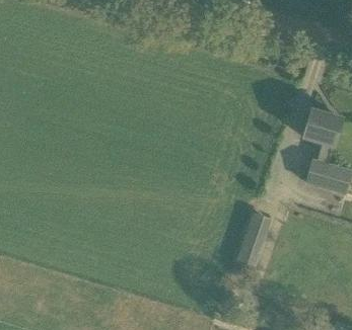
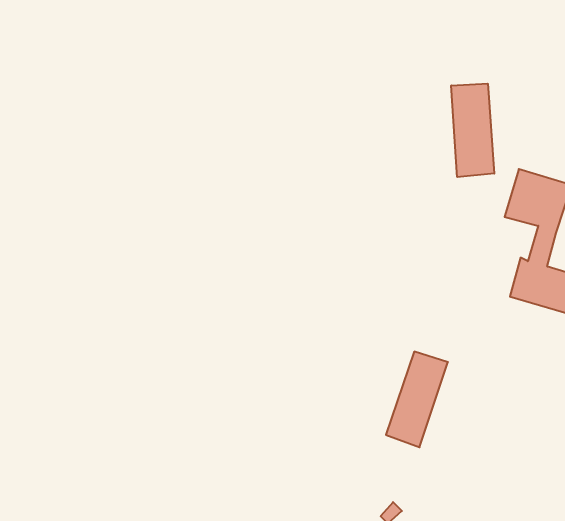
building: none -> [451,84,494,177]

